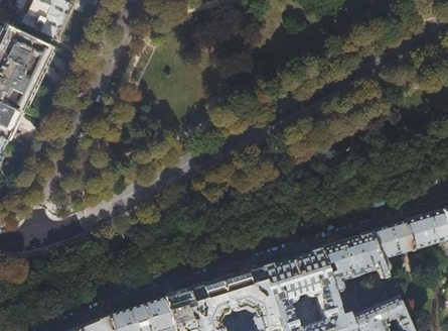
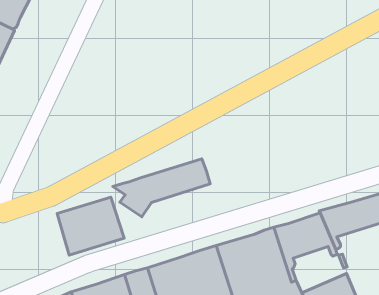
building: none -> [113,159,210,217]
building: none -> [57,197,124,255]

